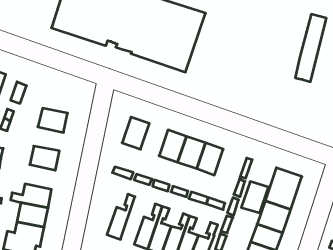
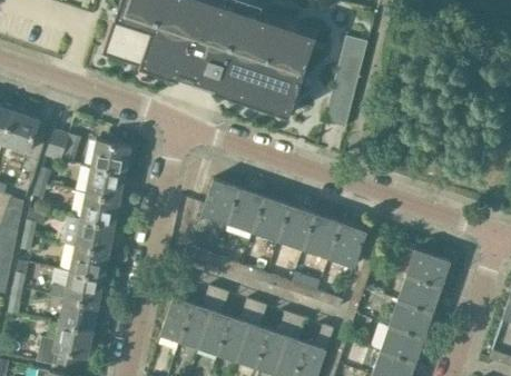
building: [295,14,326,82] -> [323,37,366,130]
building: none -> [90,140,130,174]
building: none -> [226,188,264,232]
building: none -> [78,192,119,226]
building: none -> [66,245,108,279]
building: [241,182,269,213] -> [328,224,366,267]
building: none -> [159,276,193,342]
building: none -> [198,289,230,355]

